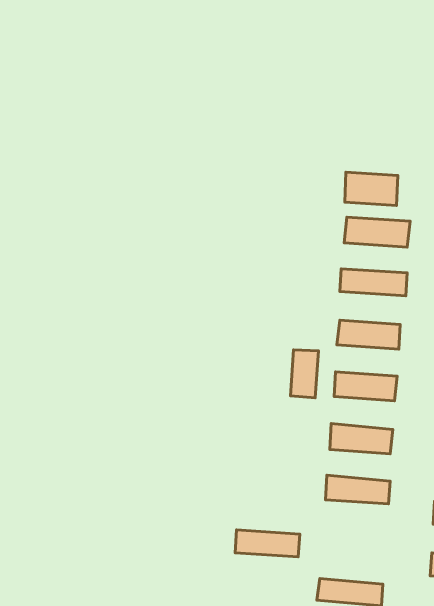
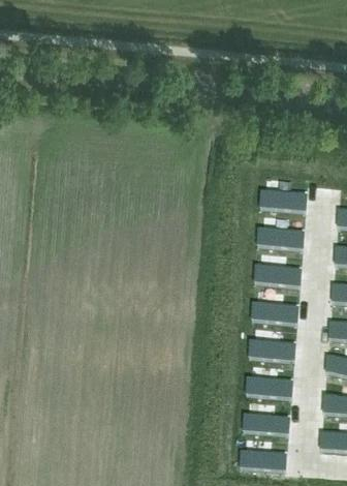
building: [345,172,398,206] -> none
building: [291,350,318,398] -> none
building: [235,530,300,557] -> [243,414,289,433]

